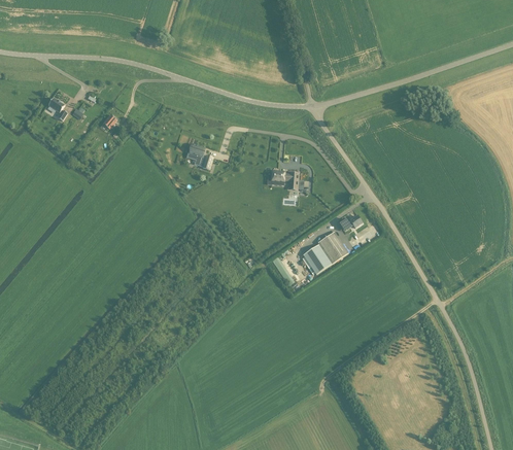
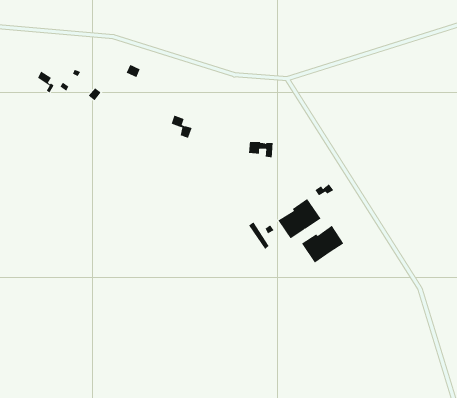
building: none -> [301,225,344,264]

